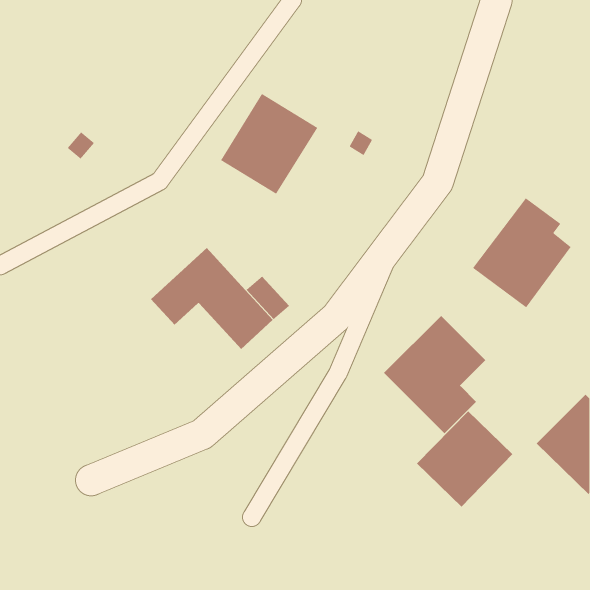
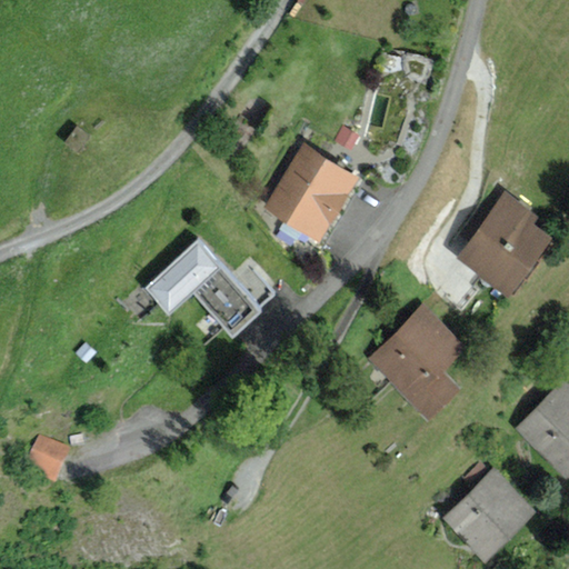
building: [220,93,318,195] -> [264,143,359,241]
building: [416,410,513,507] -> [441,467,535,560]
building: none -> [22,436,72,486]

